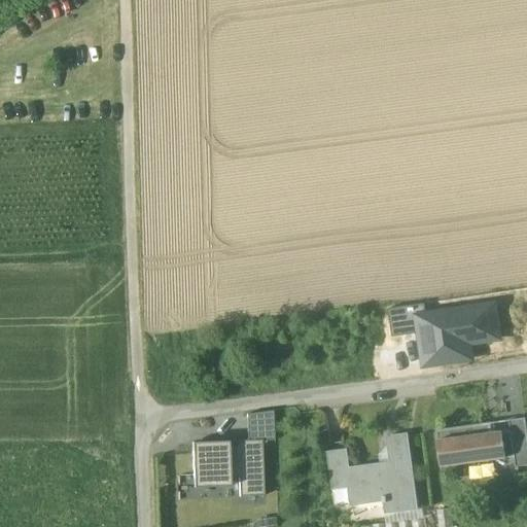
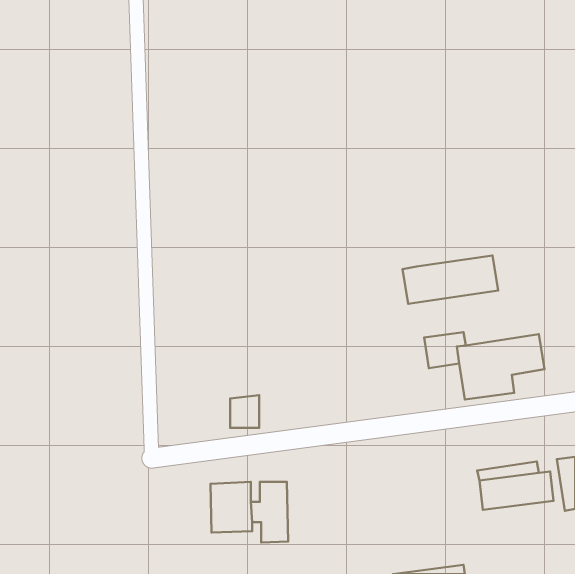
building: none -> [402,256,498,304]
building: [247,411,274,441] -> [230,395,259,428]
building: [327,433,418,511] -> none

